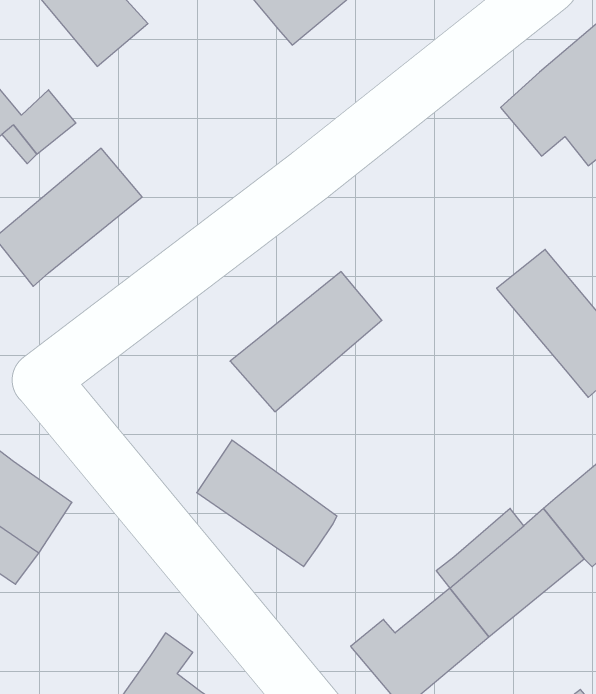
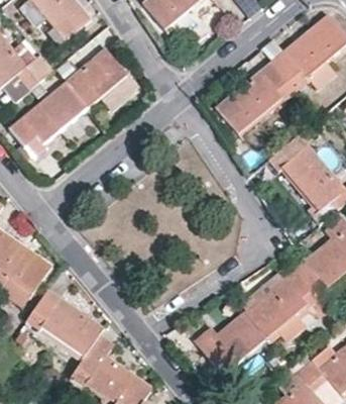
building: none -> [66,49,139,112]
building: [230,272,382,412] -> [215,62,294,134]
building: [197,440,337,567] -> [28,291,101,357]

